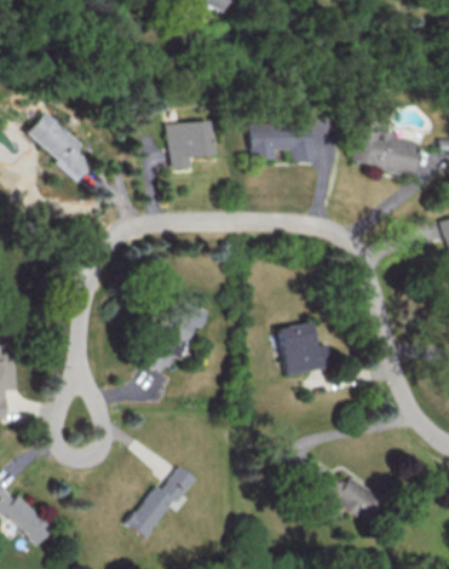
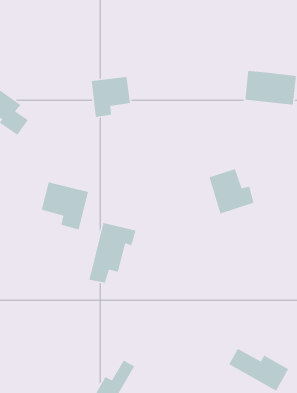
building: [254,121,316,162] -> none
building: none -> [41,181,89,231]
building: [276,321,329,375] -> [208,168,254,214]

